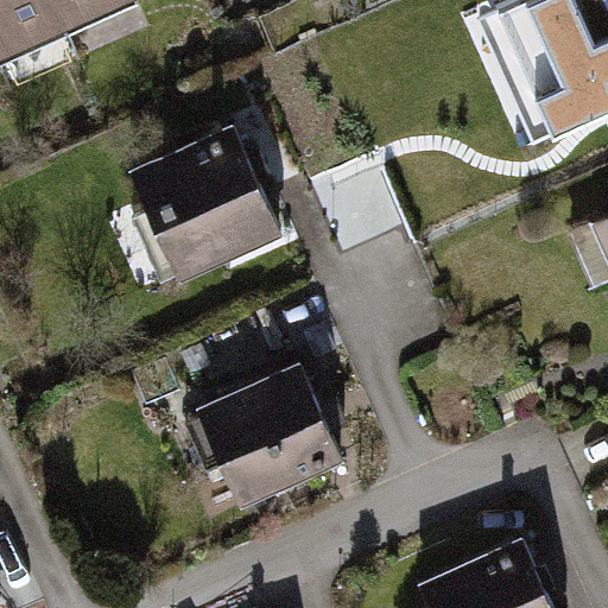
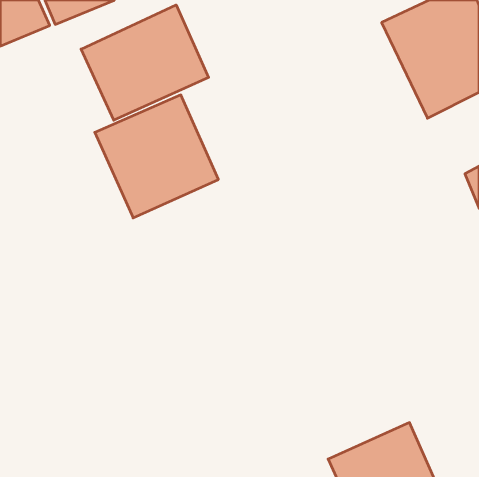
building: none -> [81,5,209,120]
building: [196,363,346,508] -> none

